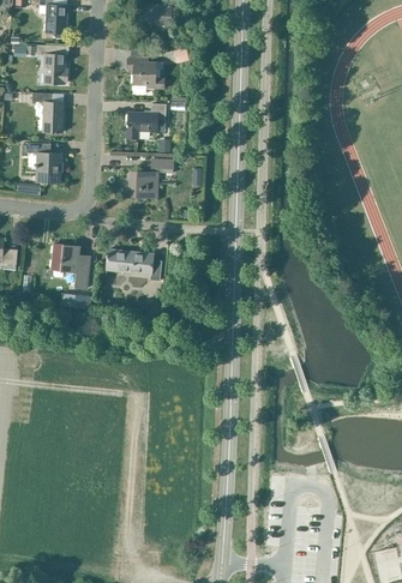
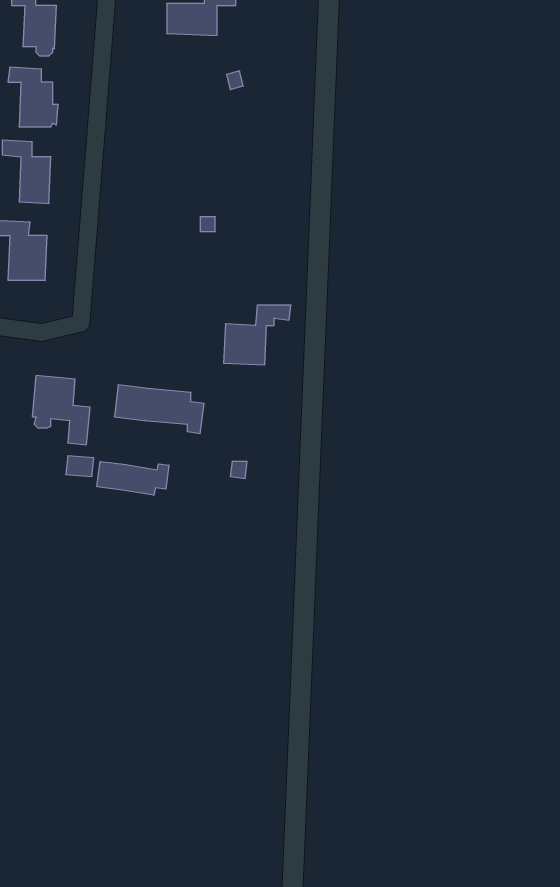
building: [127,59,164,94] -> none
building: [126,104,166,139] -> none
building: [130,160,173,198] -> [224,305,291,365]
building: none -> [97,461,169,495]

